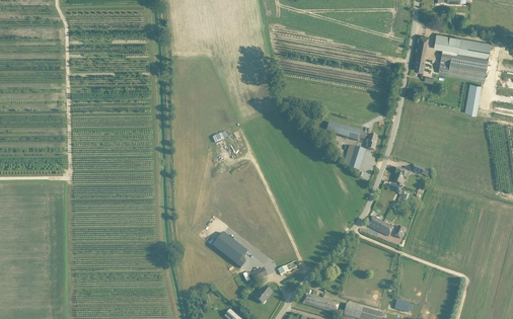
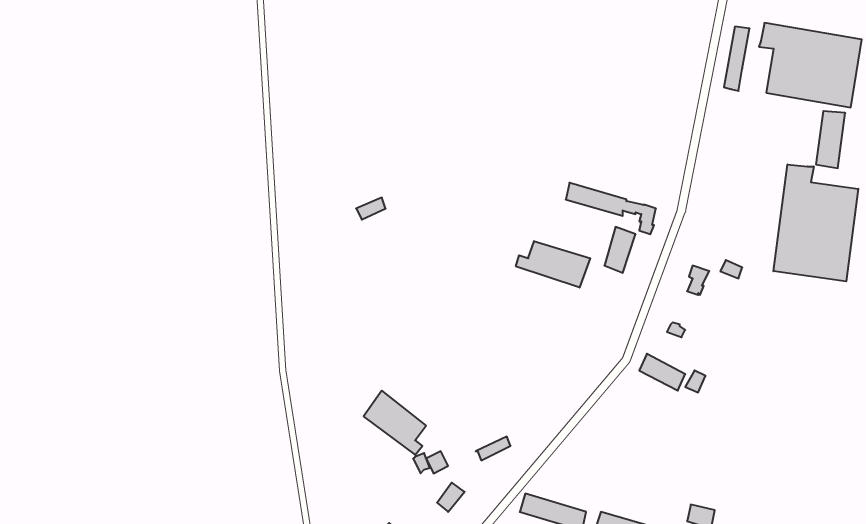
building: none -> [773,164,858,281]
building: none -> [516,241,590,288]

